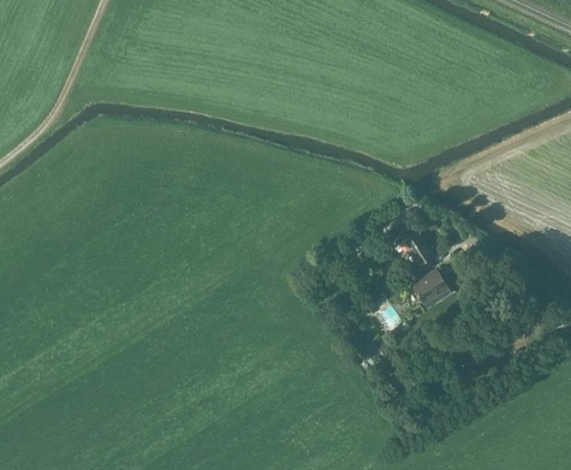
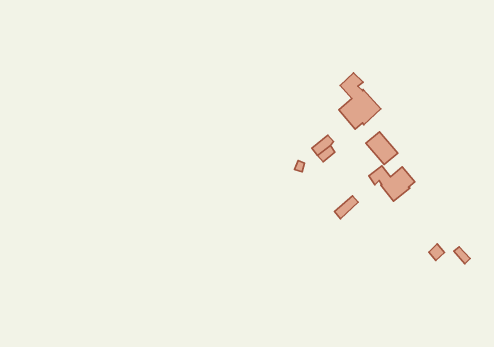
building: none -> [339,73,381,129]

